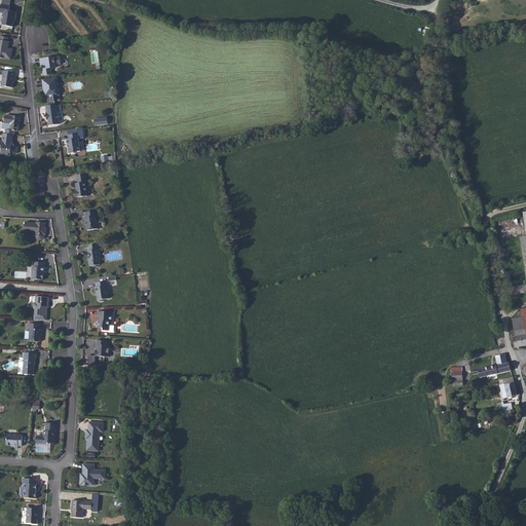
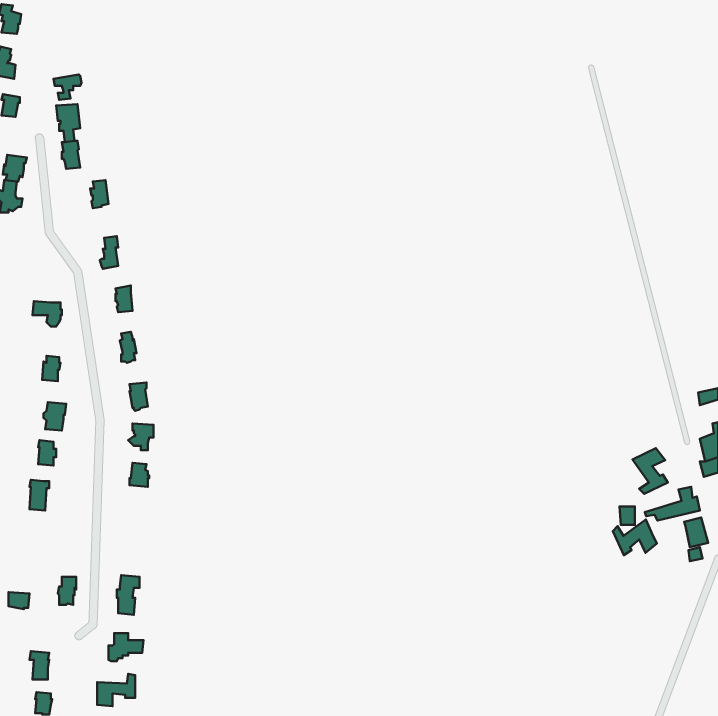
building: none -> [632,448,668,494]
building: none -> [613,520,657,555]

